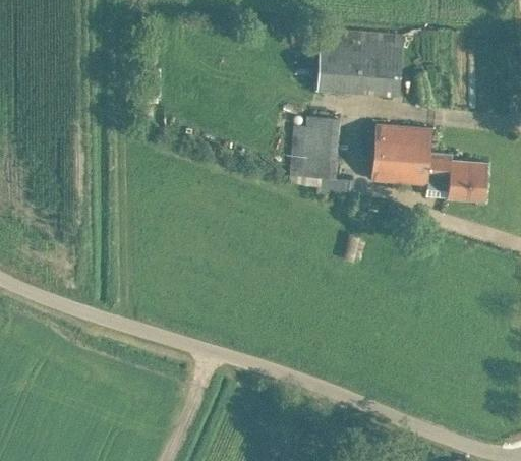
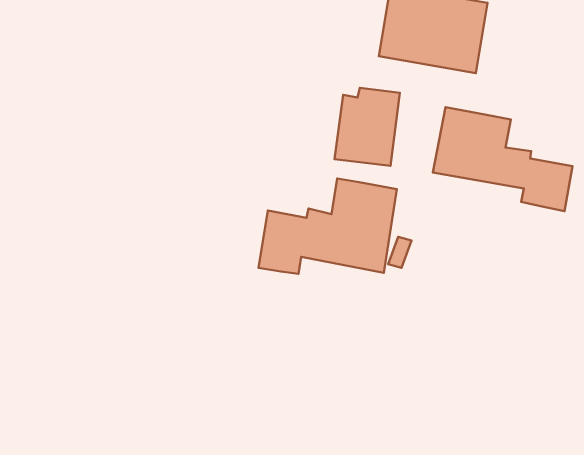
building: none -> [259,178,397,274]

